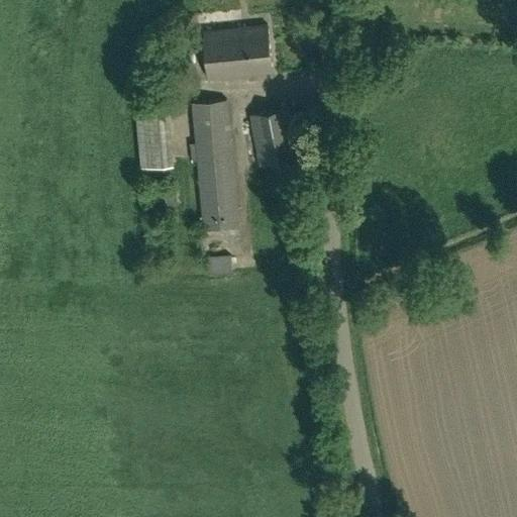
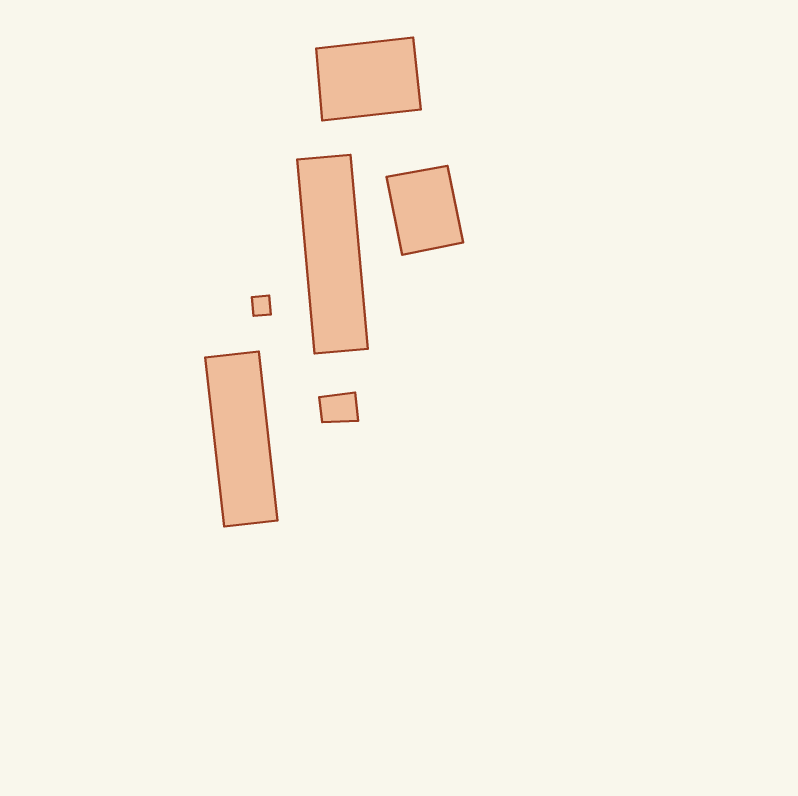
building: [134,107,173,171] -> none
building: none -> [205,351,278,527]

